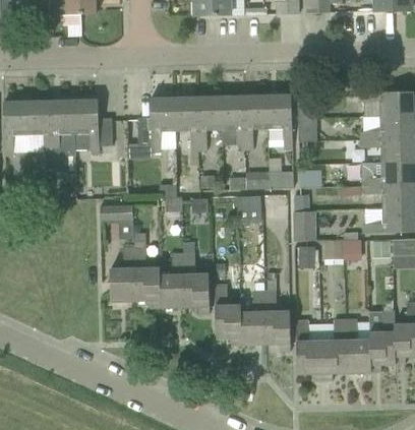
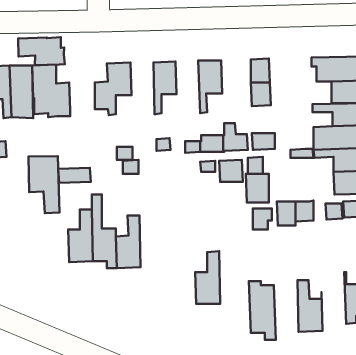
building: none -> [18,37,65,65]
building: [266,94,292,147] -> none
building: [220,95,245,148] -> none
building: [174,97,198,149] -> none
building: none -> [28,156,59,213]
building: [183,253,210,313] -> none
building: [264,279,291,351] -> none
building: [215,284,241,345] -> none
building: [369,311,395,371] -> none
building: [320,319,346,380] -> none

